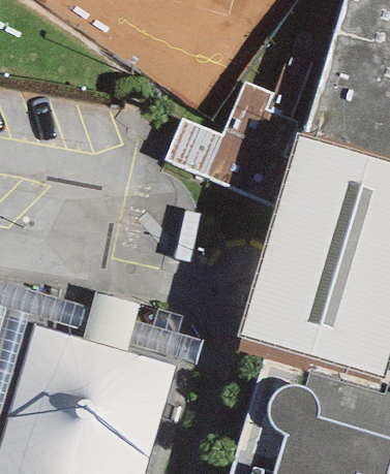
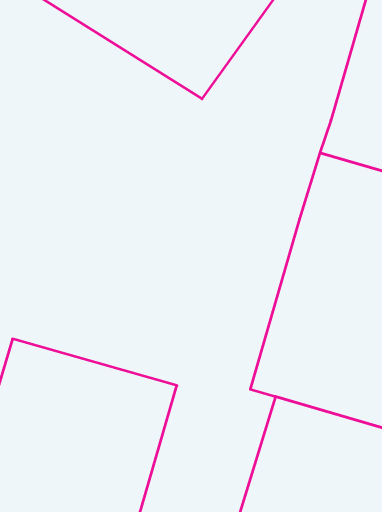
building: [168,51,318,209] -> none

